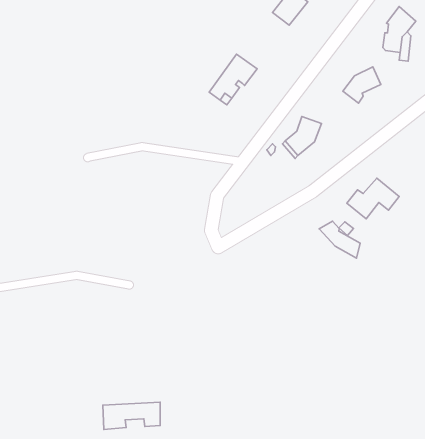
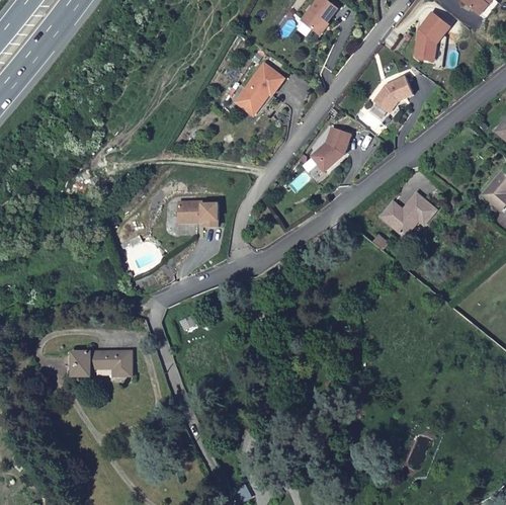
building: none -> [177,201,218,227]
building: [319,221,360,258] -> none
building: [103,402,160,429] -> [71,346,131,374]

